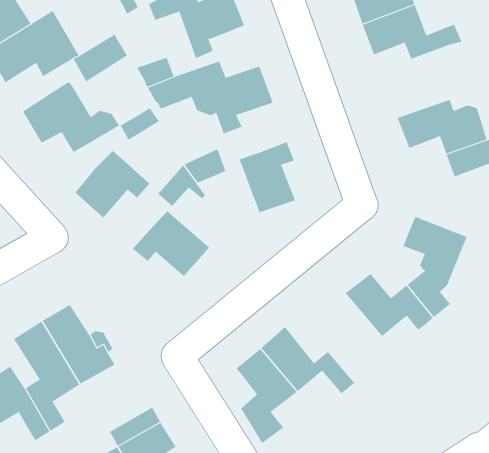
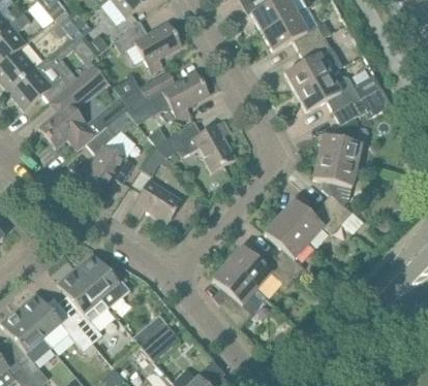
building: none -> [285,36,343,92]
building: none -> [318,135,362,165]
building: none -> [265,217,309,277]

